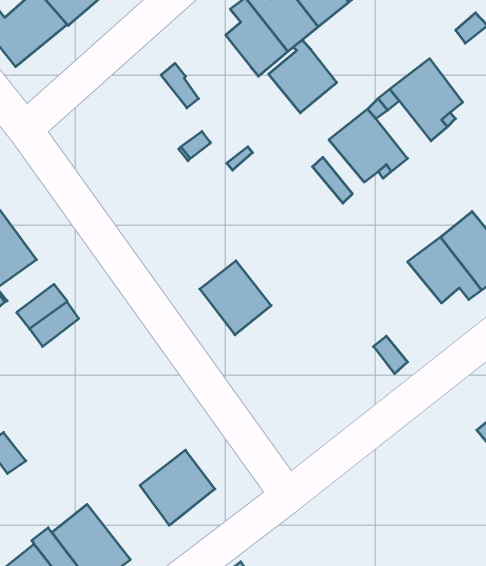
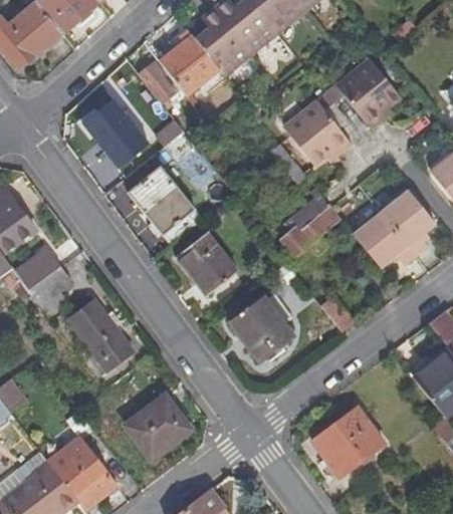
building: [269,40,337,113] -> [161,31,219,93]
building: none -> [81,105,144,170]
building: none -> [127,169,201,247]
building: none -> [282,189,338,255]
building: none -> [229,296,292,360]
building: none -> [68,301,133,371]
building: none -> [311,407,383,476]

